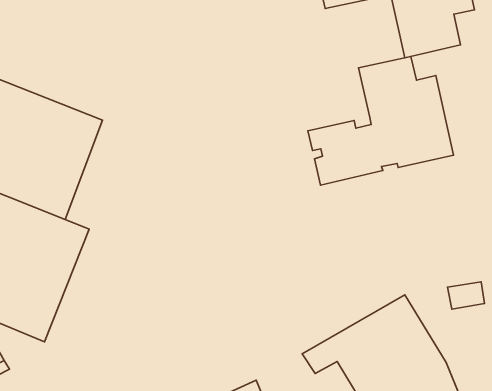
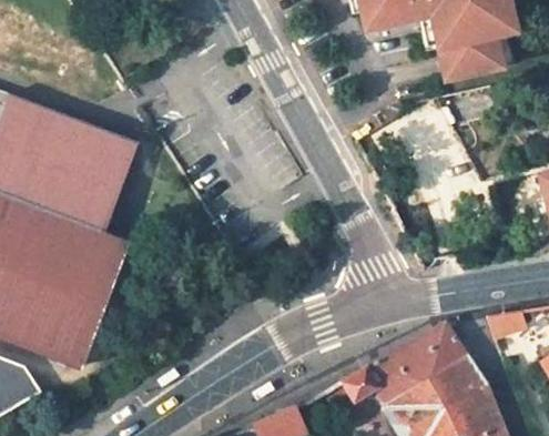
building: [308,56,454,185] -> none

